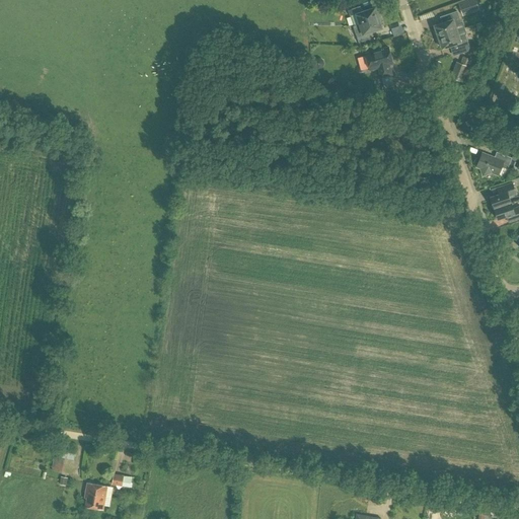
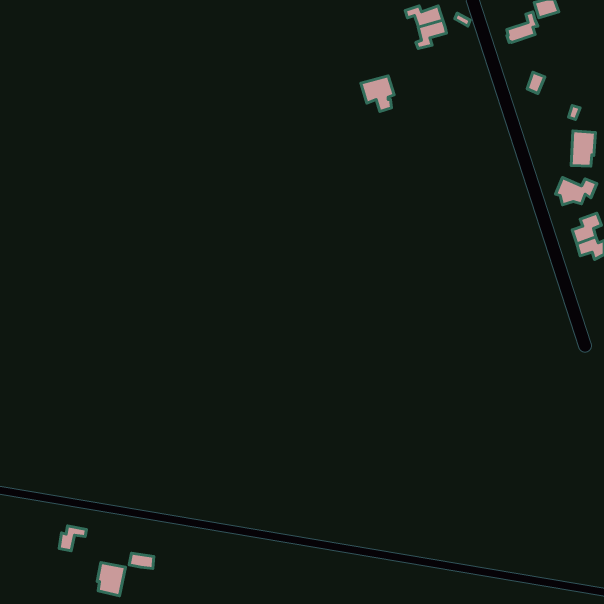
building: [436,29,468,53] -> none
building: [364,47,392,77] -> [361,76,394,111]
building: none -> [571,131,596,166]

